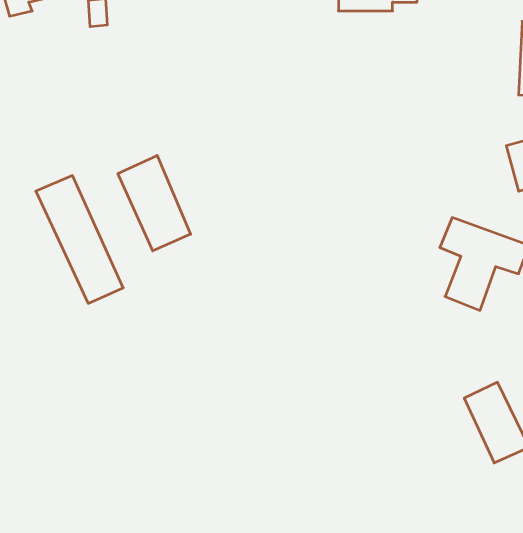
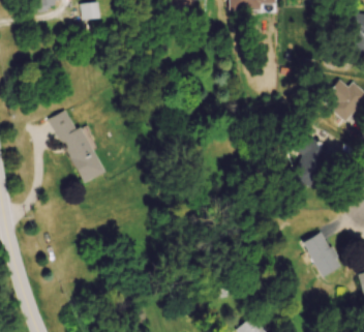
building: [118,155,191,251] -> none

